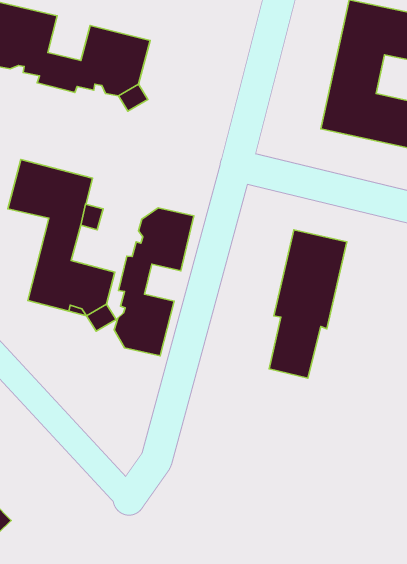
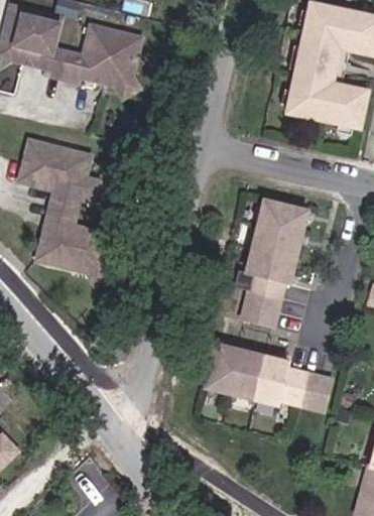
building: [114,208,194,356] -> none
building: none -> [205,343,332,411]

